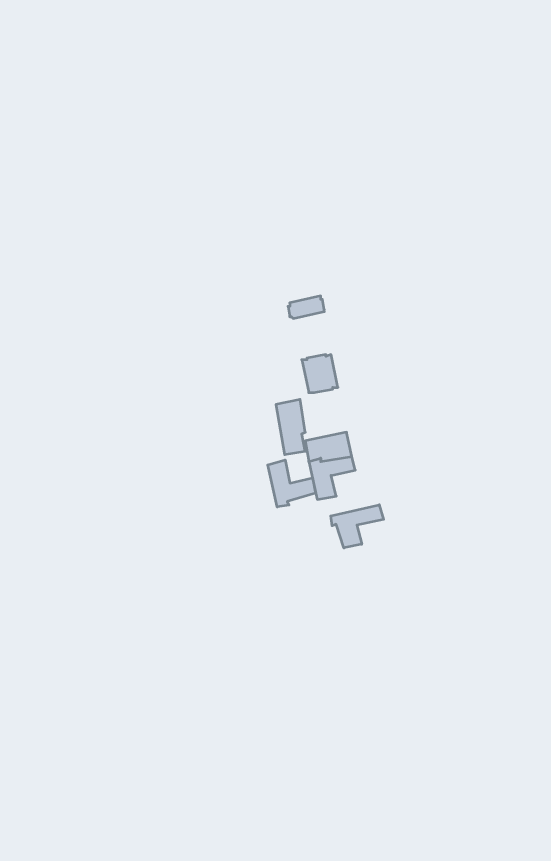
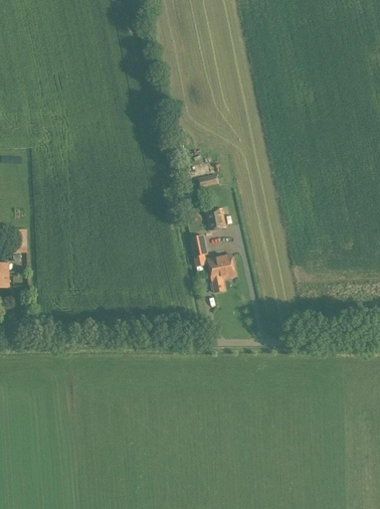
building: [268,460,316,507] -> none
building: [331,505,384,548] -> none

